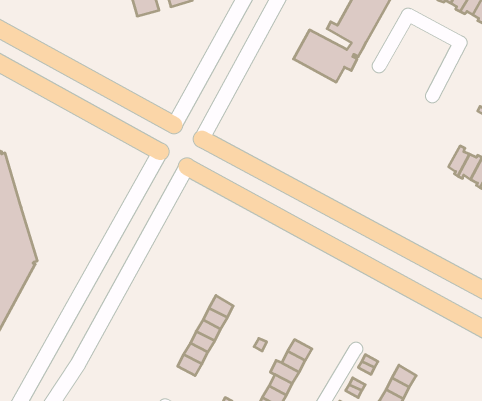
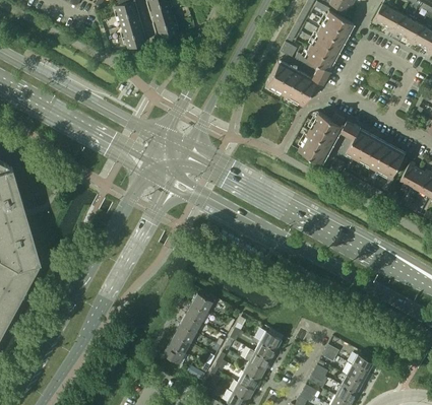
building: none -> [299,114,406,193]

